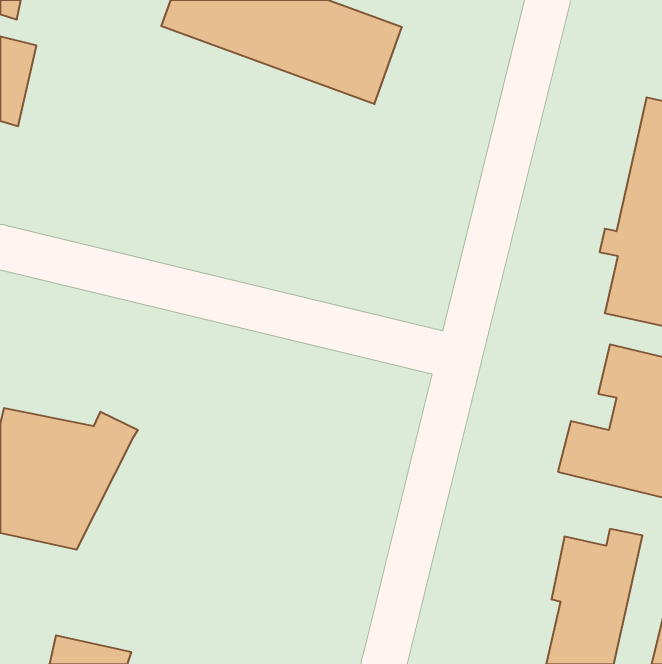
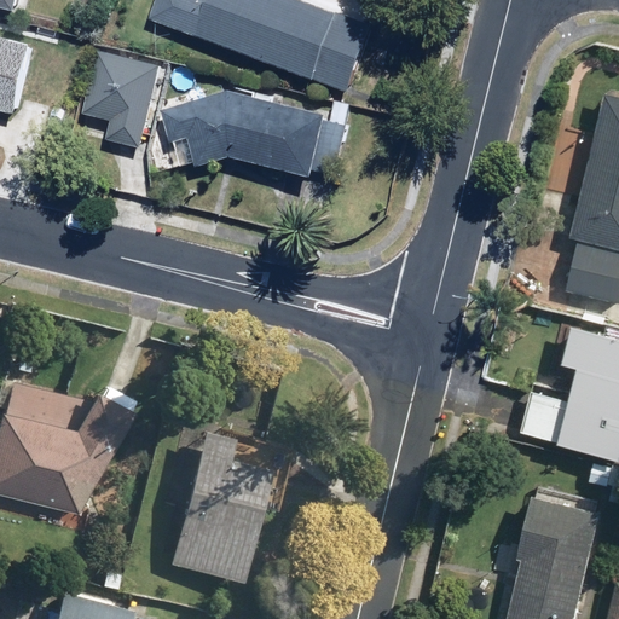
building: none -> [86,53,164,154]
building: none -> [160,91,329,185]
building: none -> [166,411,282,575]

